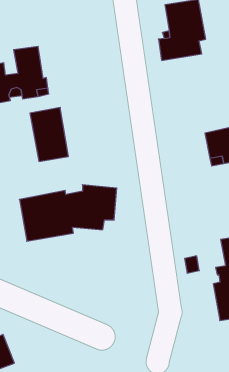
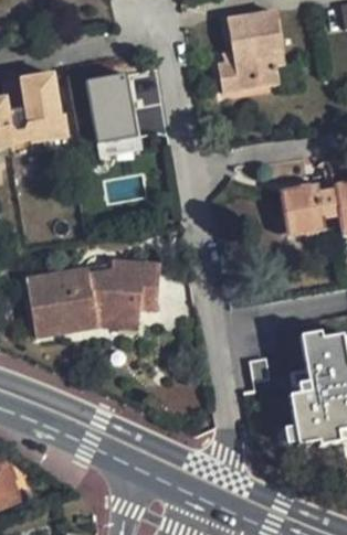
building: [30,107,68,161] -> [87,72,139,145]

